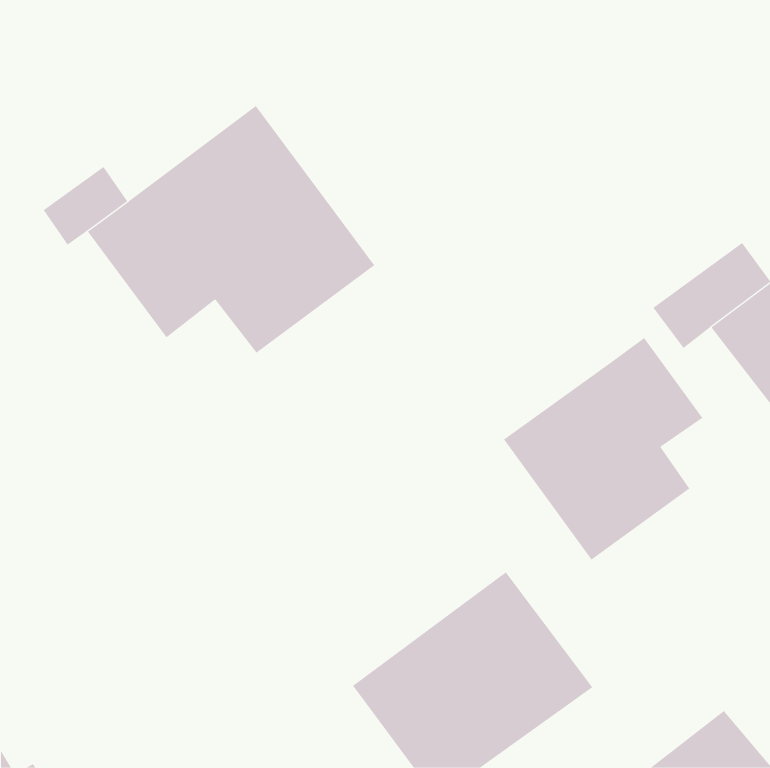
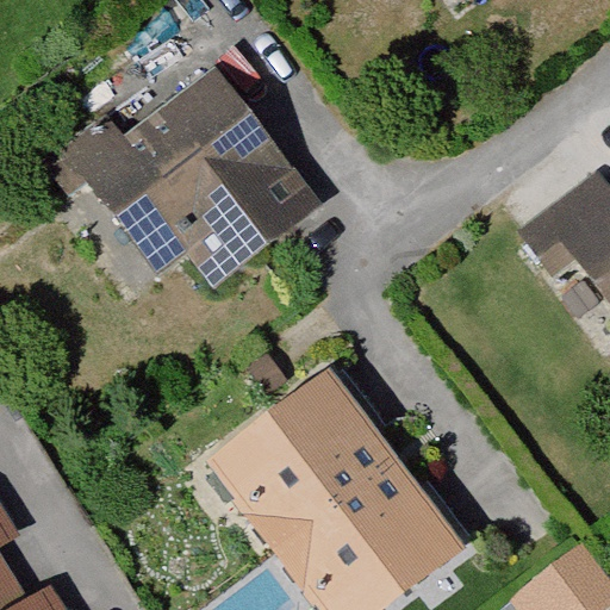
building: [503,337,703,561] -> none
building: none -> [217,360,403,536]

